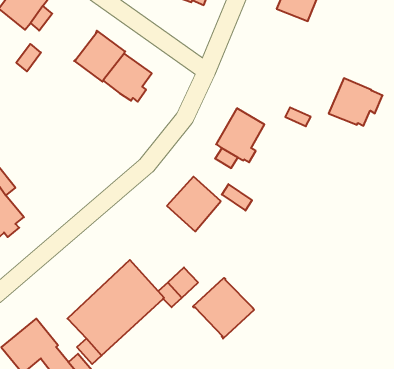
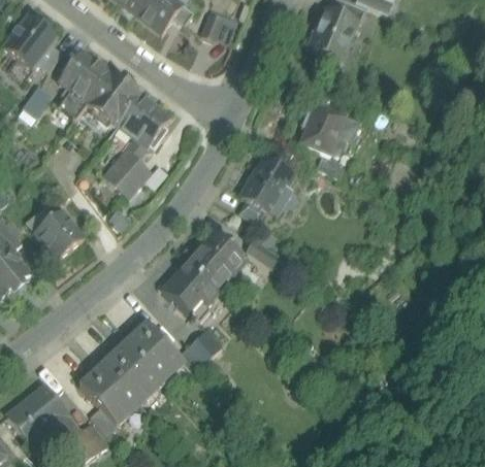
building: none -> [59,52,111,120]
building: [329,78,383,126] -> [300,103,359,155]
building: none -> [105,139,153,196]
building: none -> [35,209,86,260]
building: none -> [163,262,219,314]
building: [193,278,254,339] -> none

